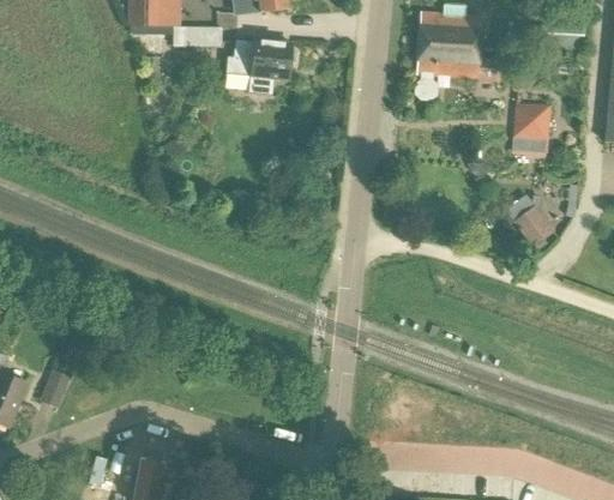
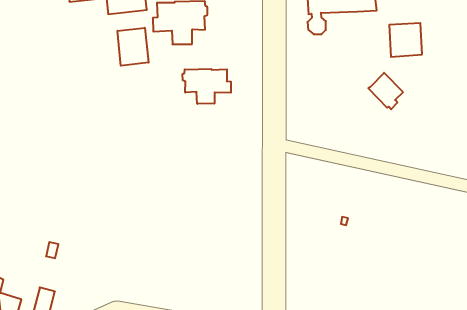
building: none -> [118,28,149,66]
building: none -> [183,69,231,104]
building: [512,205,554,251] -> [368,73,403,109]

